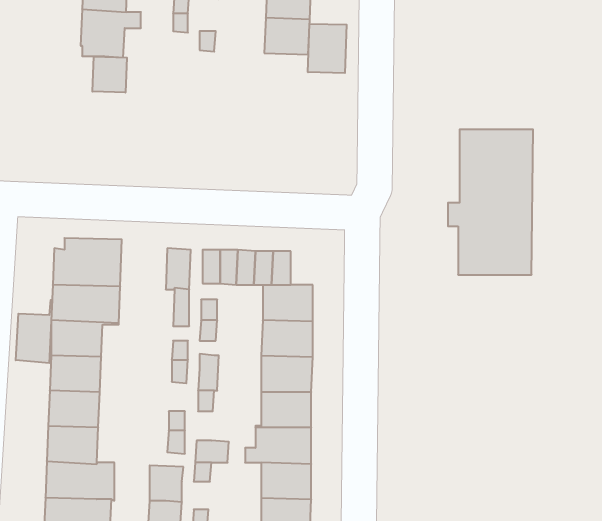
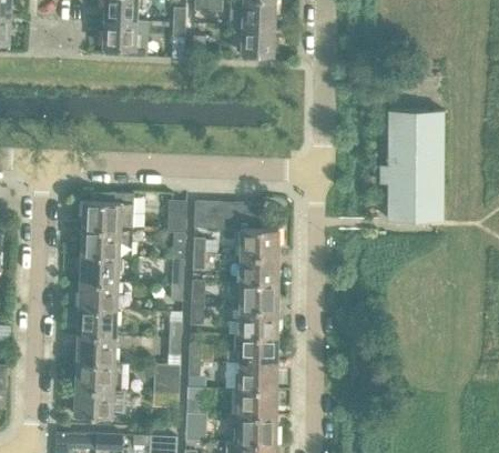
building: [308,24,347,73] -> none
building: [92,57,127,93] -> none
building: [16,300,52,363] -> none

